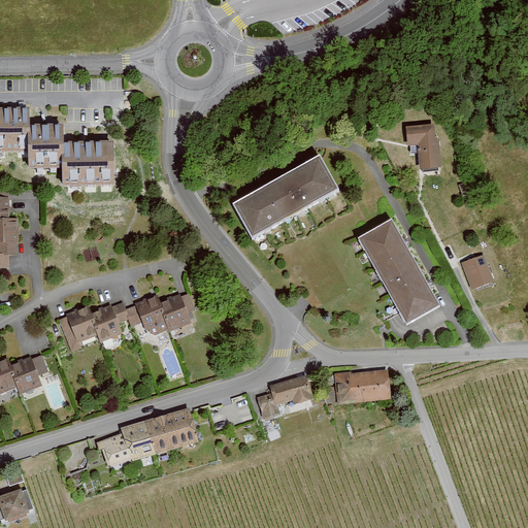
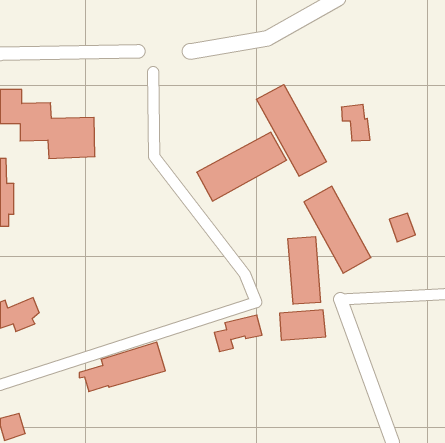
building: none -> [256,85,326,176]
building: none -> [288,237,321,304]
building: [59,294,194,352] -> none

